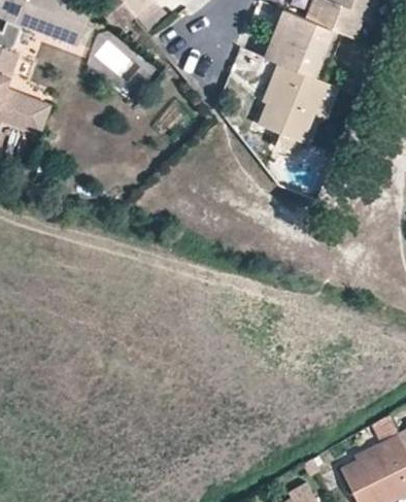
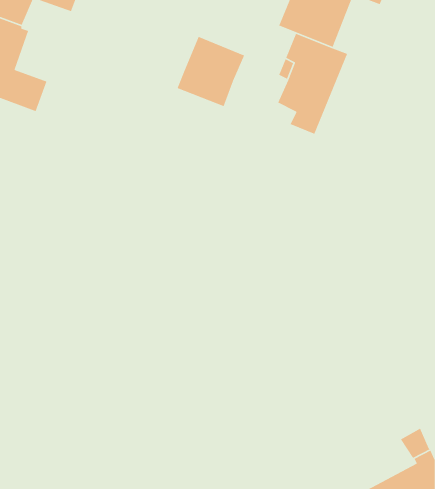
building: none -> [176,36,245,107]

